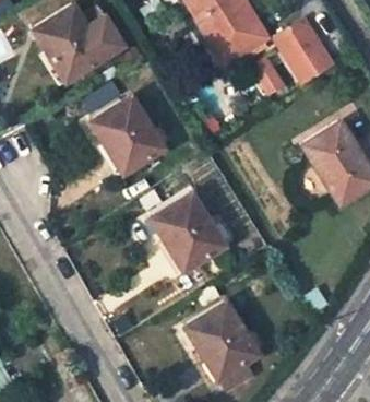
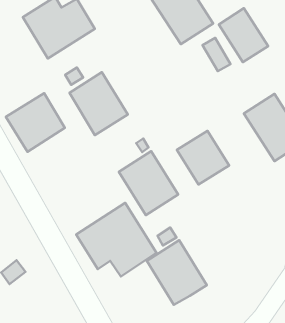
building: none -> [6,93,65,152]
building: none -> [177,131,229,184]
building: none -> [76,203,156,277]

